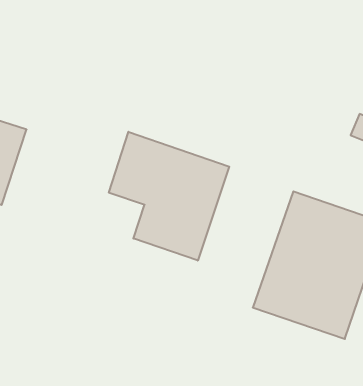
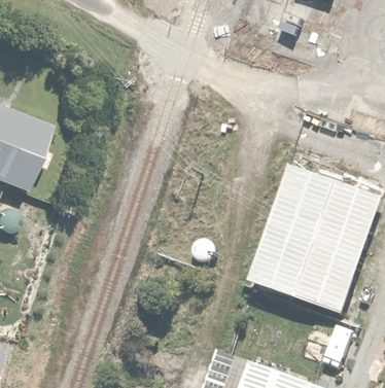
building: [109,132,229,261] -> none

